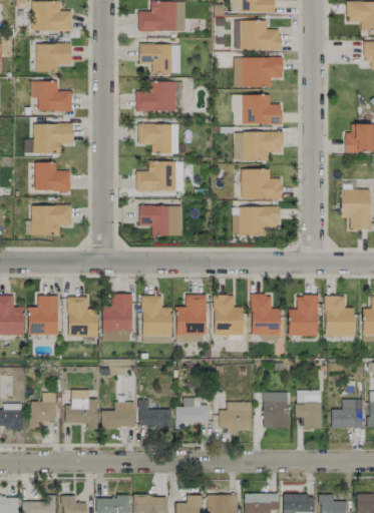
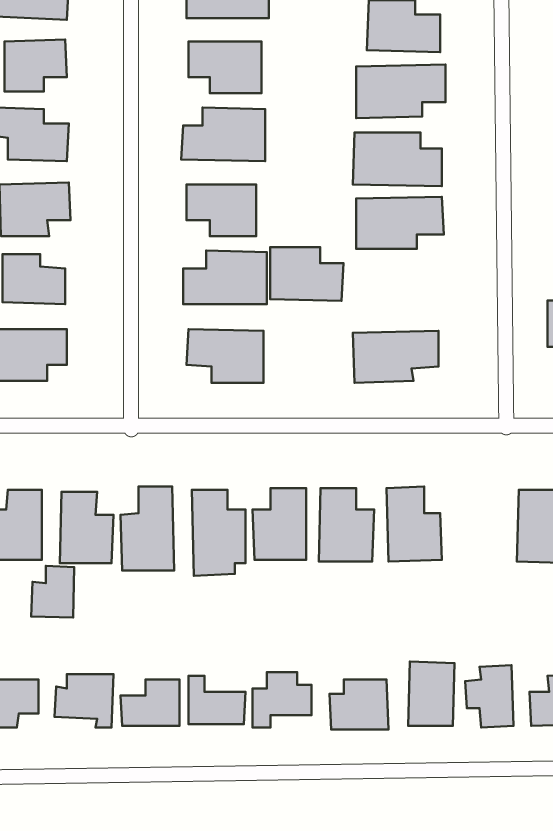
building: [242,169,283,199] -> [270,247,343,301]
building: [288,296,318,336] -> none
building: none -> [31,566,74,618]

